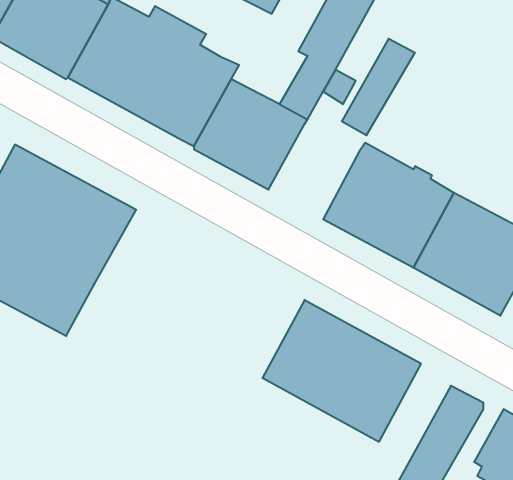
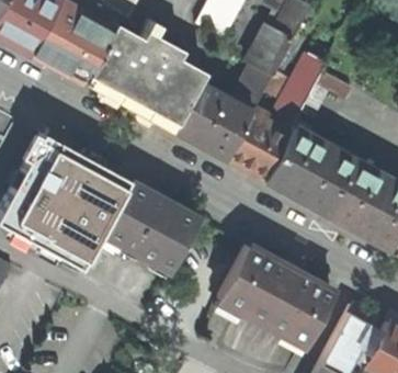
building: none -> [225,112,288,182]
building: none -> [102,176,201,267]

